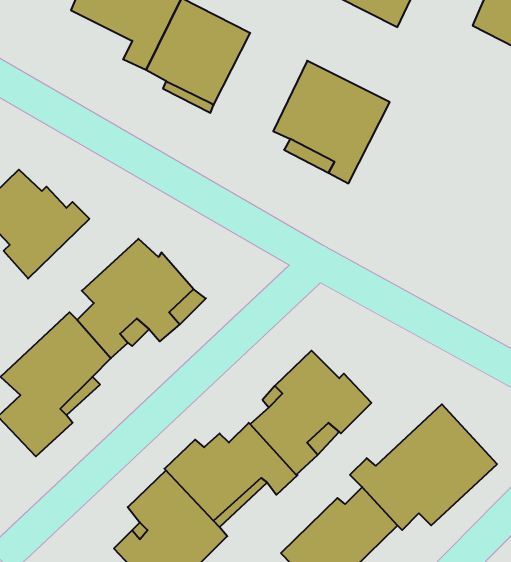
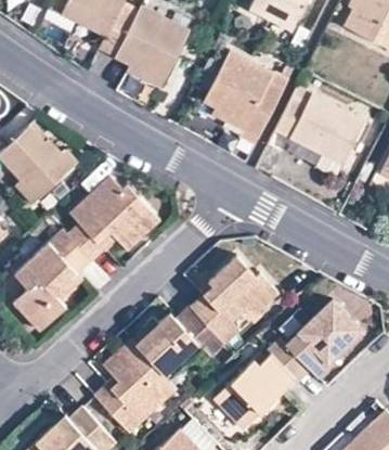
building: none -> [276,93,365,157]

